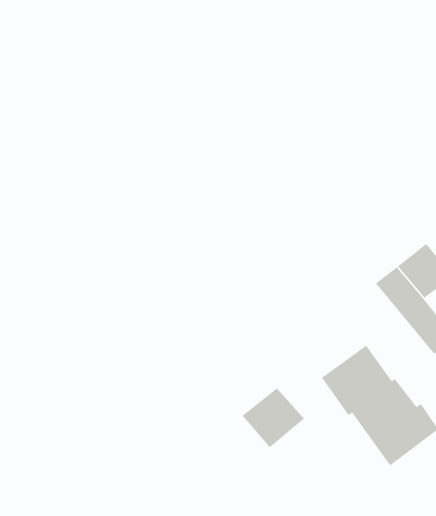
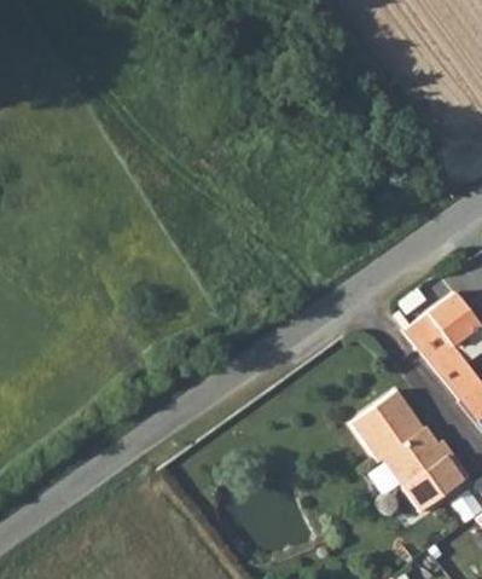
building: [242,388,305,448] -> none

